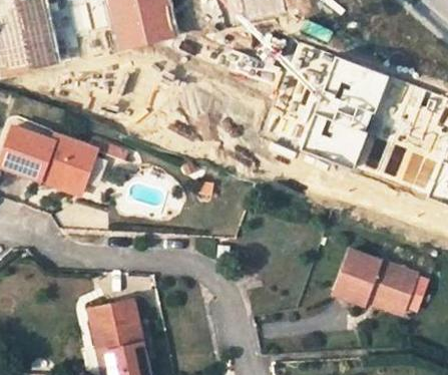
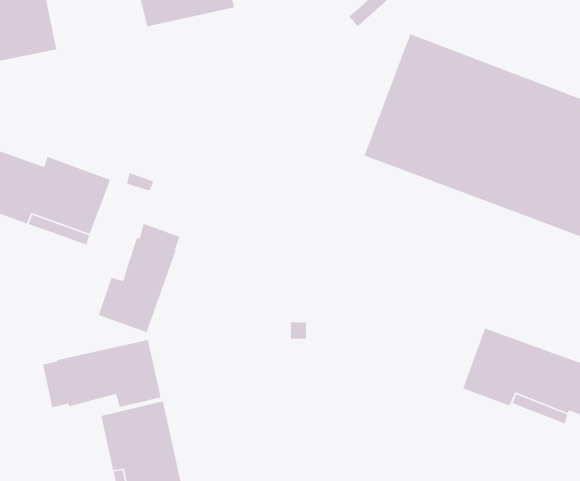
building: none -> [98,223,180,333]
building: none -> [42,339,162,409]

